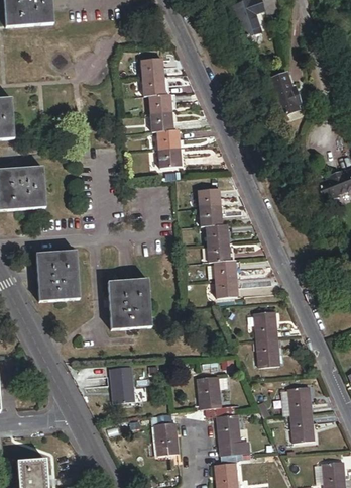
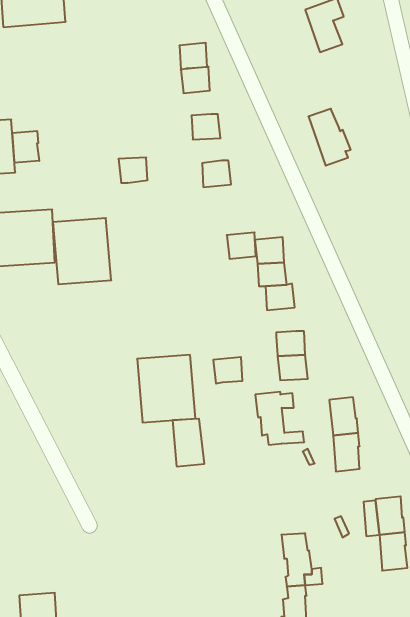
building: [143,75,164,95] -> [179,43,207,69]
building: [271,80,304,123] -> [308,109,351,166]
building: none -> [13,131,39,163]
building: [150,111,172,130] -> [118,158,148,183]
building: [158,147,181,167] -> [227,232,256,259]
building: [207,240,229,261] -> [213,357,242,384]
building: [35,250,80,300] -> [53,218,111,284]
building: [111,366,135,402] -> [173,419,204,466]
building: [198,375,235,415] -> [255,392,304,445]
building: [155,413,179,454] -> none

